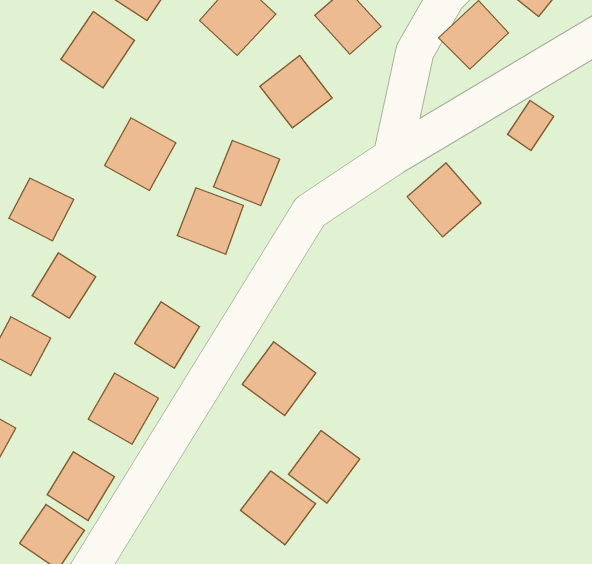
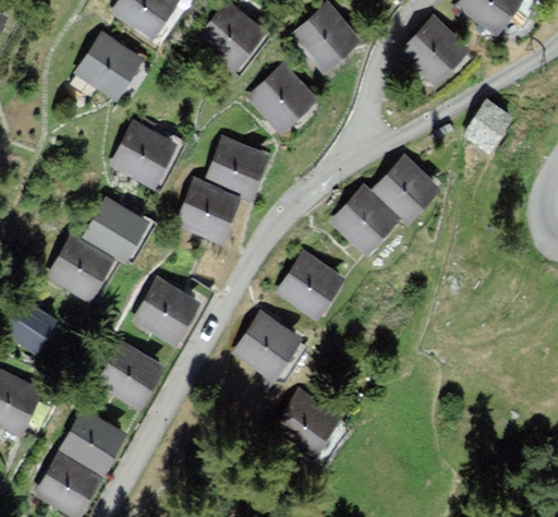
building: [9,178,74,241] -> [85,200,142,254]
building: none -> [335,189,402,255]
building: none -> [278,253,340,317]
building: [241,471,316,545] -> none

